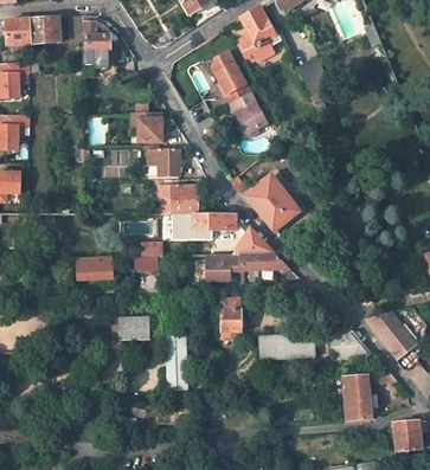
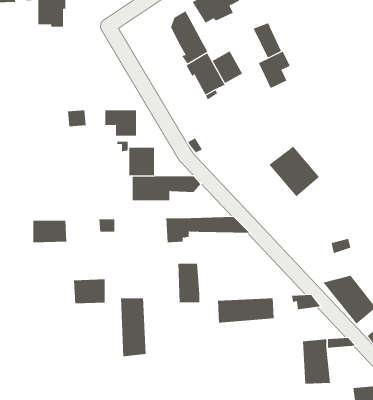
building: none -> [212,50,243,84]
building: none -> [258,51,290,89]
building: [137,112,161,141] -> none
building: [245,179,296,230] -> [268,146,320,197]
building: [232,228,275,255] -> none

